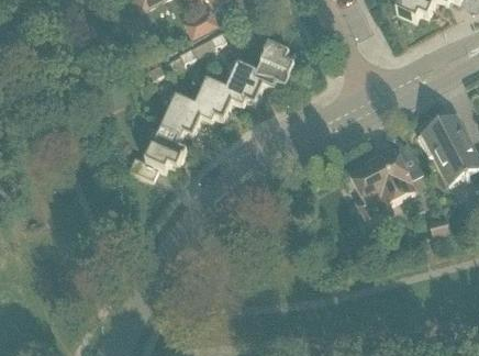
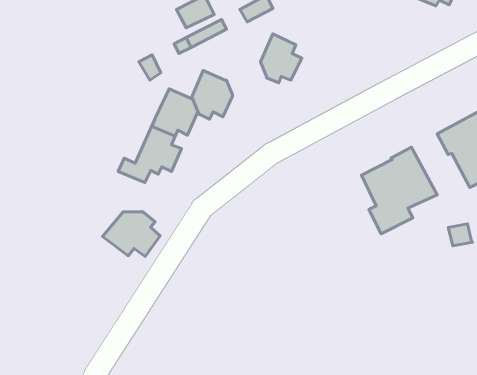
building: [225,58,263,102] -> none
building: none -> [103,211,160,256]

